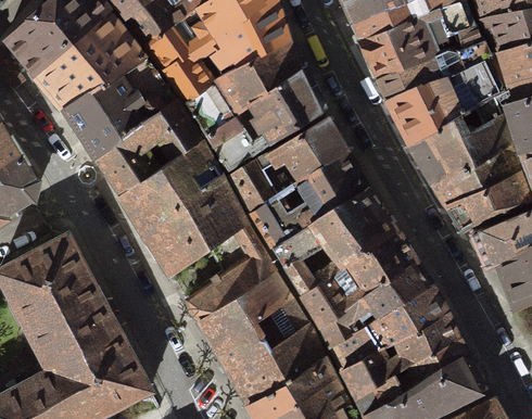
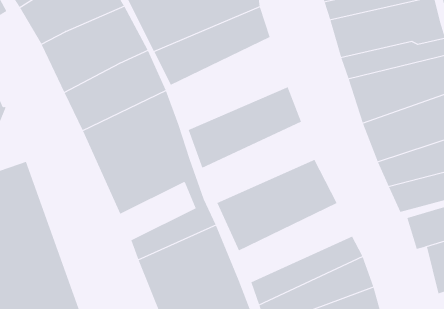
building: [204,68,327,178] -> none
building: [250,152,366,250] -> none
building: [301,231,417,327] -> none

